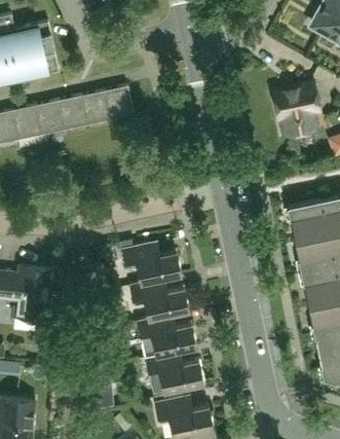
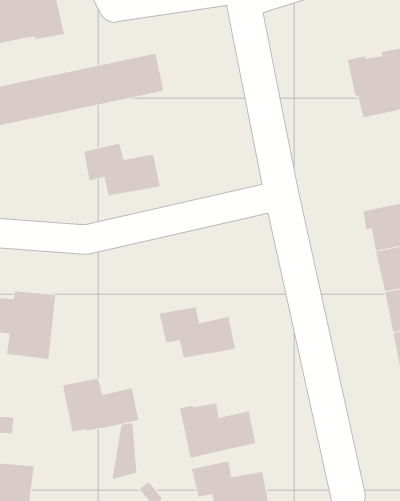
building: [122,243,181,283] -> [83,143,161,196]
building: [138,316,196,357] -> [62,378,139,432]

